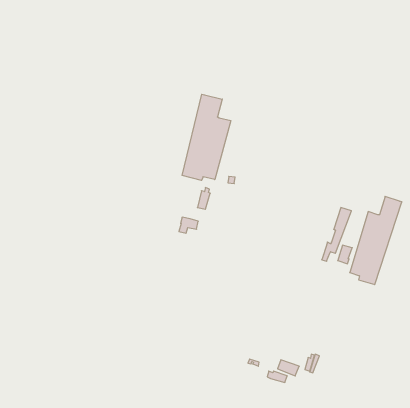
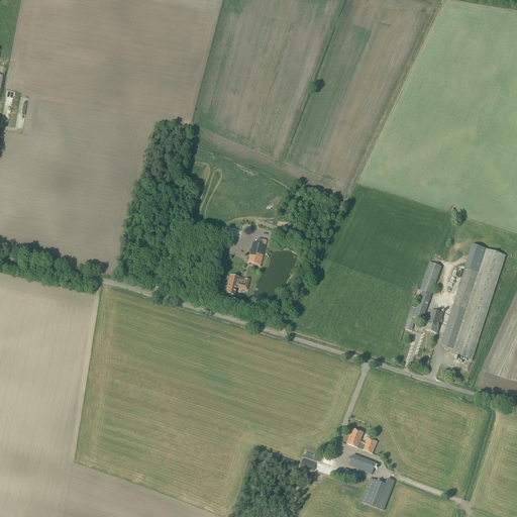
building: [182,94,231,180] -> none
building: none -> [346,427,378,452]
building: none -> [360,477,395,510]

